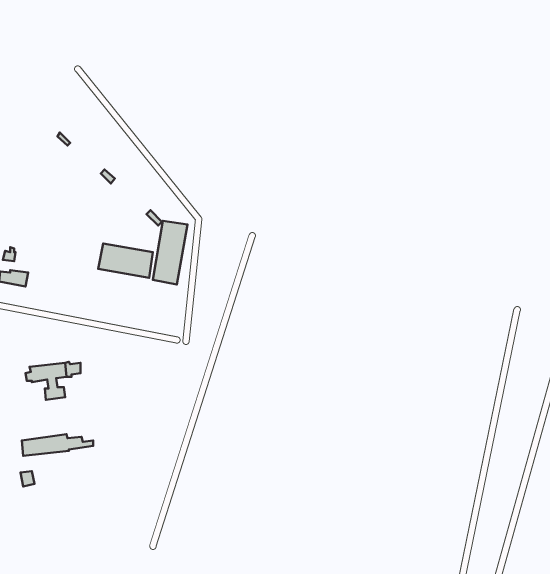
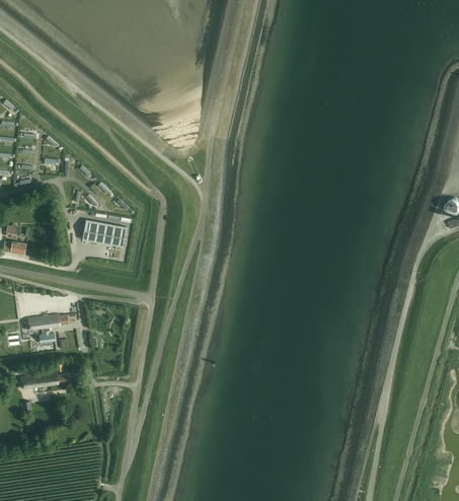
building: [153,221,187,285] -> none

